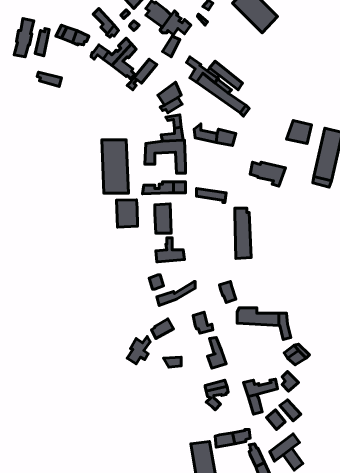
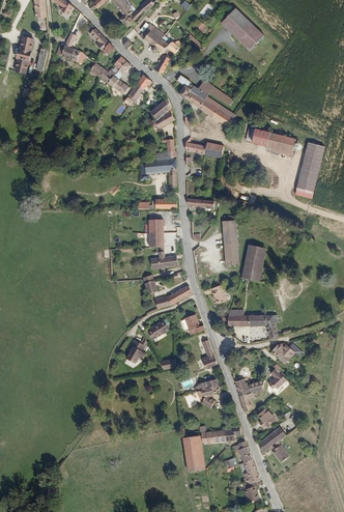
building: [102,140,128,193] -> none
building: [250,162,285,186] -> [246,129,279,151]
building: [117,200,137,227] -> none
building: none -> [242,246,266,282]

